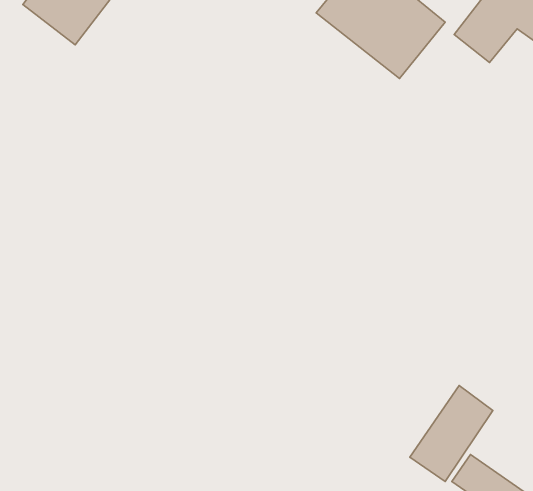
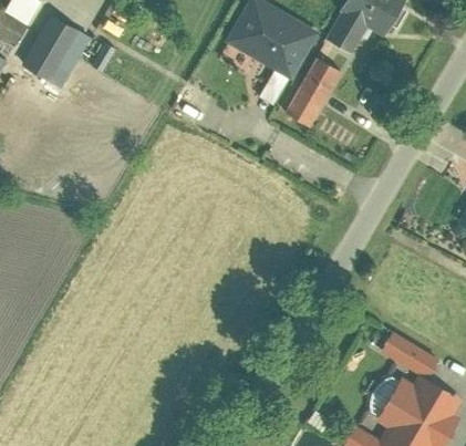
building: none -> [287,59,343,128]
building: [410,385,493,482] -> none

